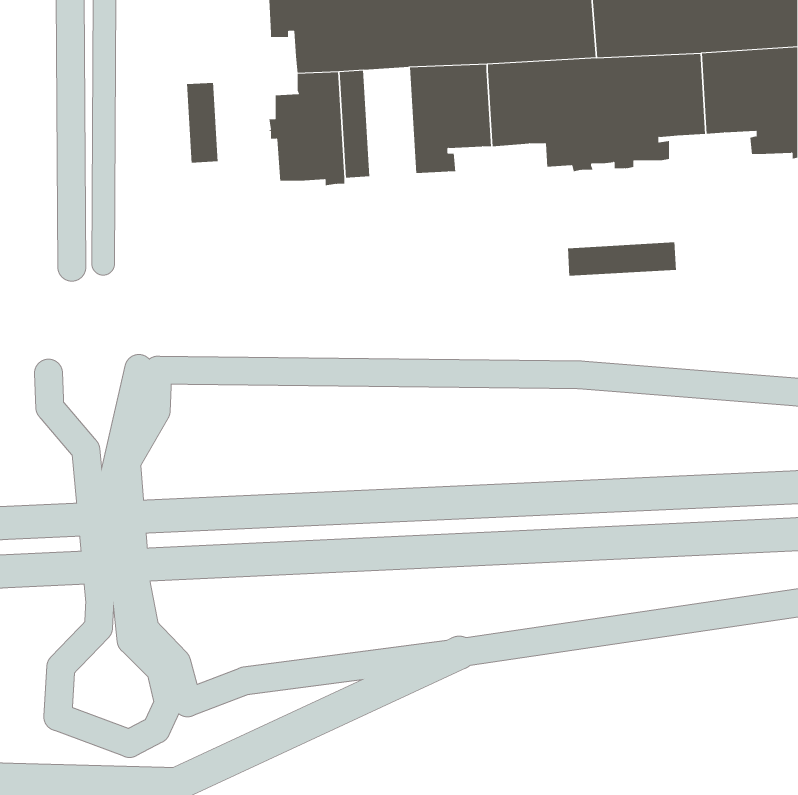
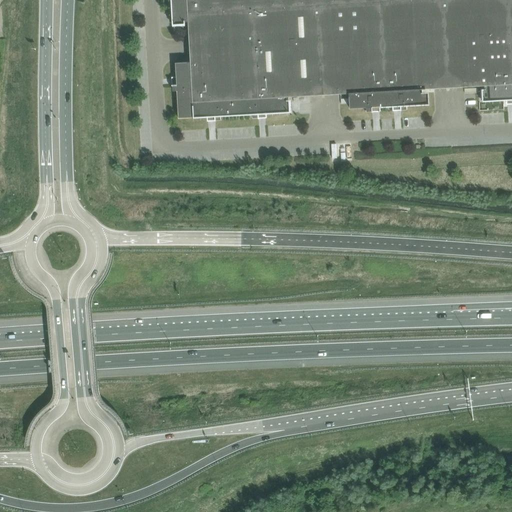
building: none -> [233,43,266,117]
building: [186,82,218,163] -> none
building: [567,242,677,277] -> none

